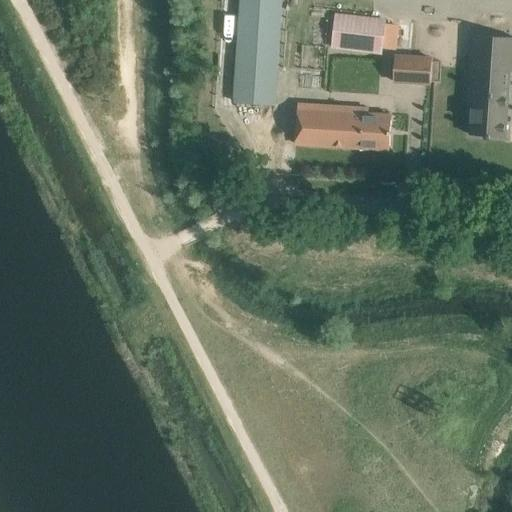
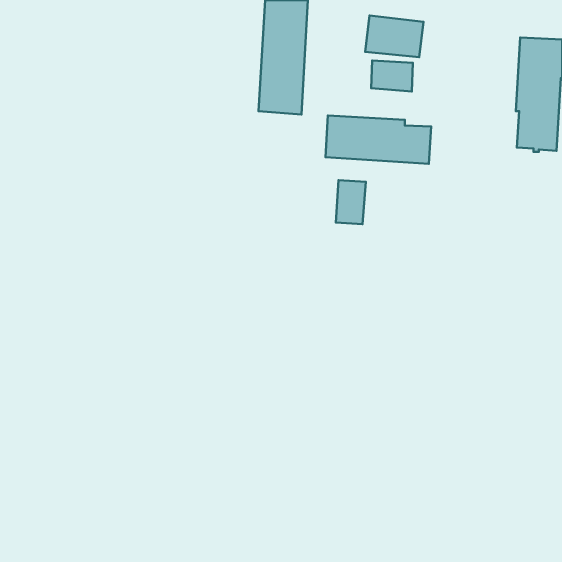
building: [394,56,432,84] -> [371,61,413,91]
building: none -> [336,180,366,224]

